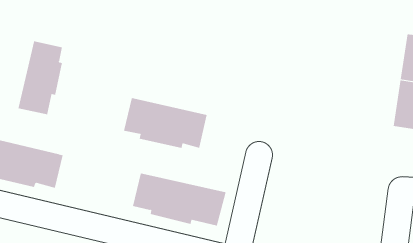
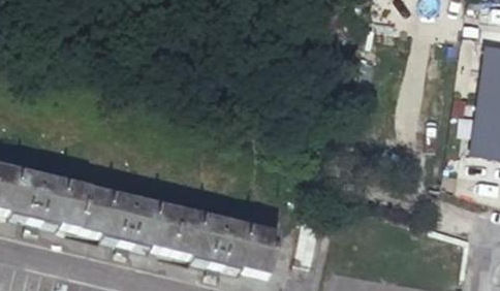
building: [18,41,63,115] -> none
building: [123,97,208,148] -> [75,184,175,244]

